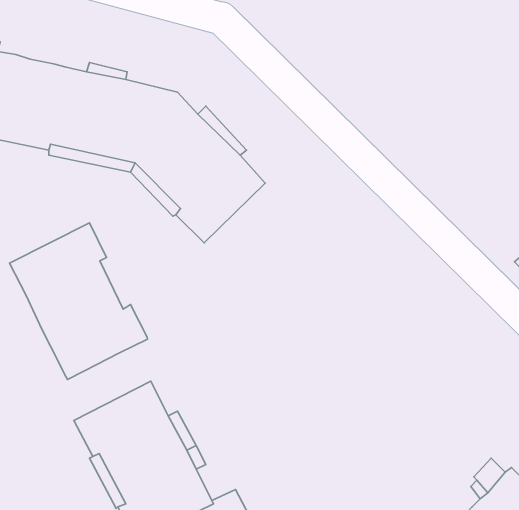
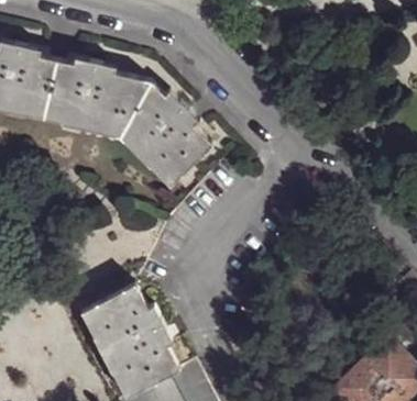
building: [9,223,148,379] -> none

